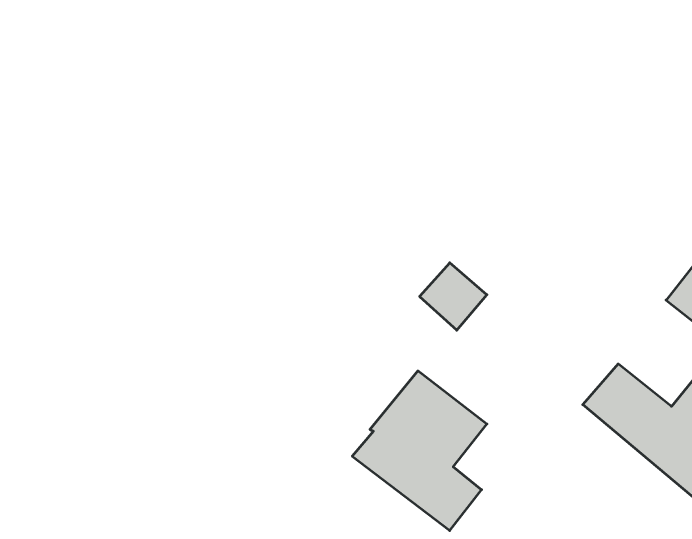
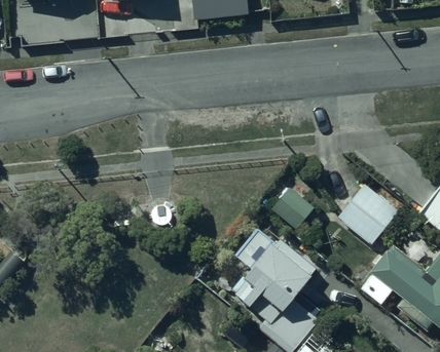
building: none -> [339,184,400,244]

